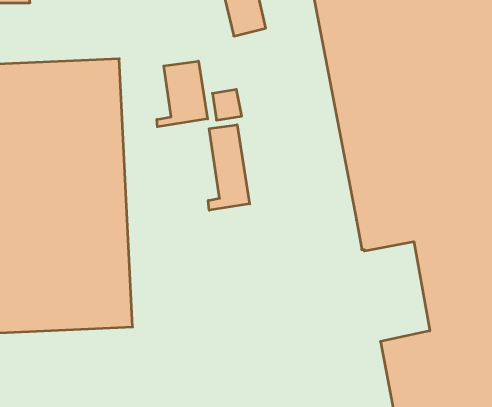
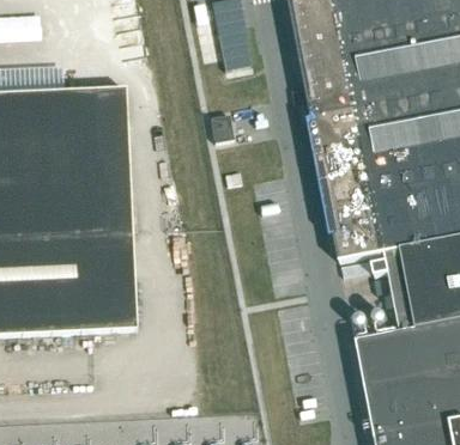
building: [157,61,208,127] -> none
building: [208,125,250,210] -> none

